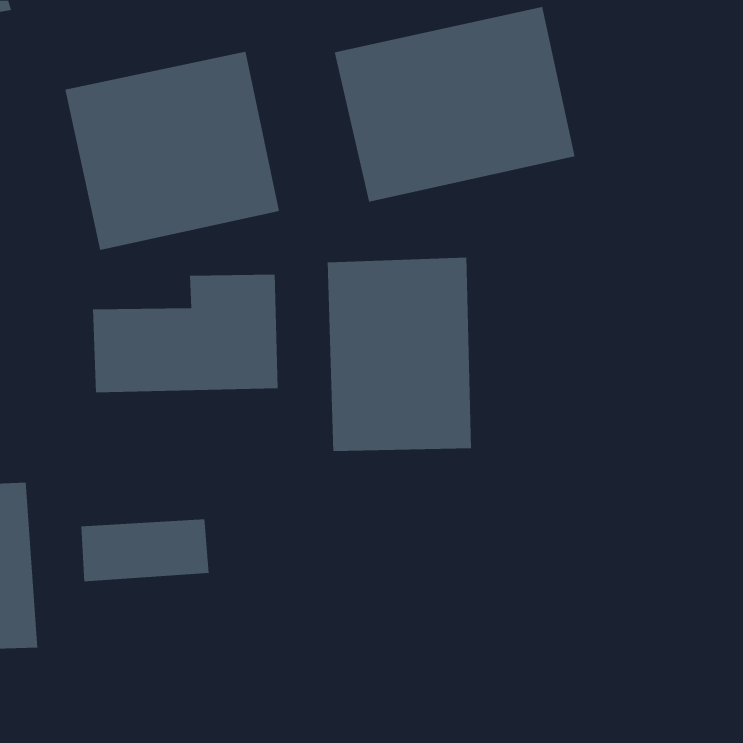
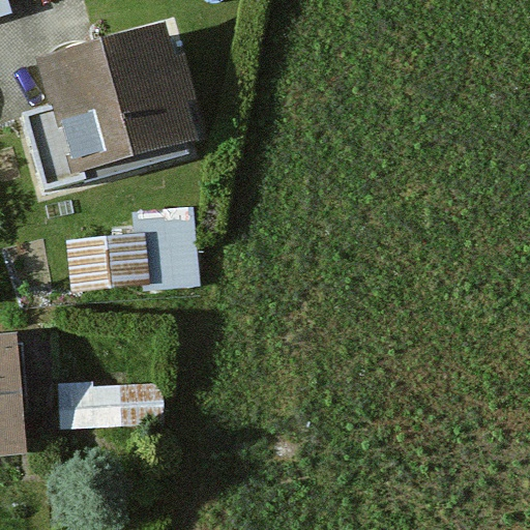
building: [334,6,575,203] -> none
building: [327,257,471,452] -> none

